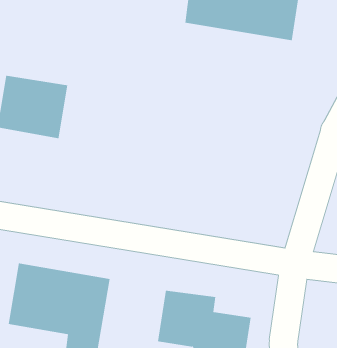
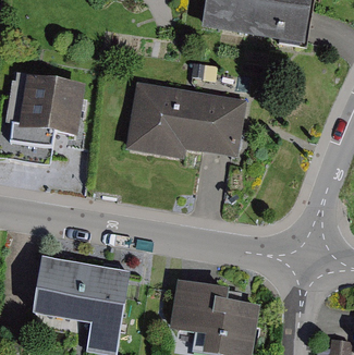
building: none -> [126,78,246,158]

